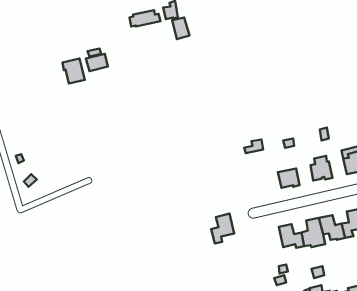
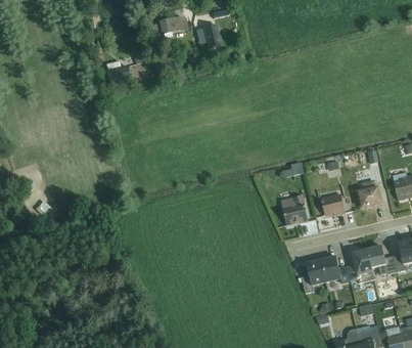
building: [63,59,85,83] -> none
building: none -> [280,194,308,224]
building: [211,214,234,244] -> [301,259,326,293]

